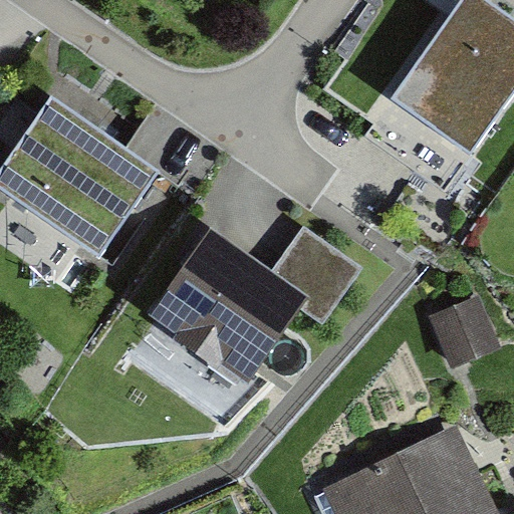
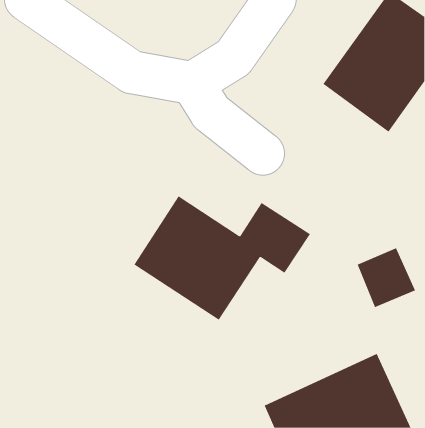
building: [12,110,175,265] -> none

